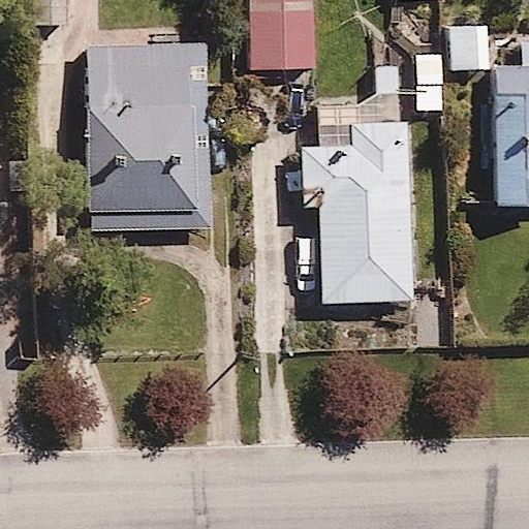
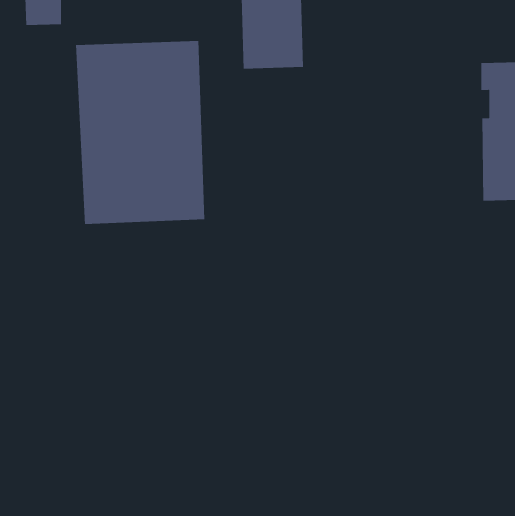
building: [302,116,412,299] -> none

